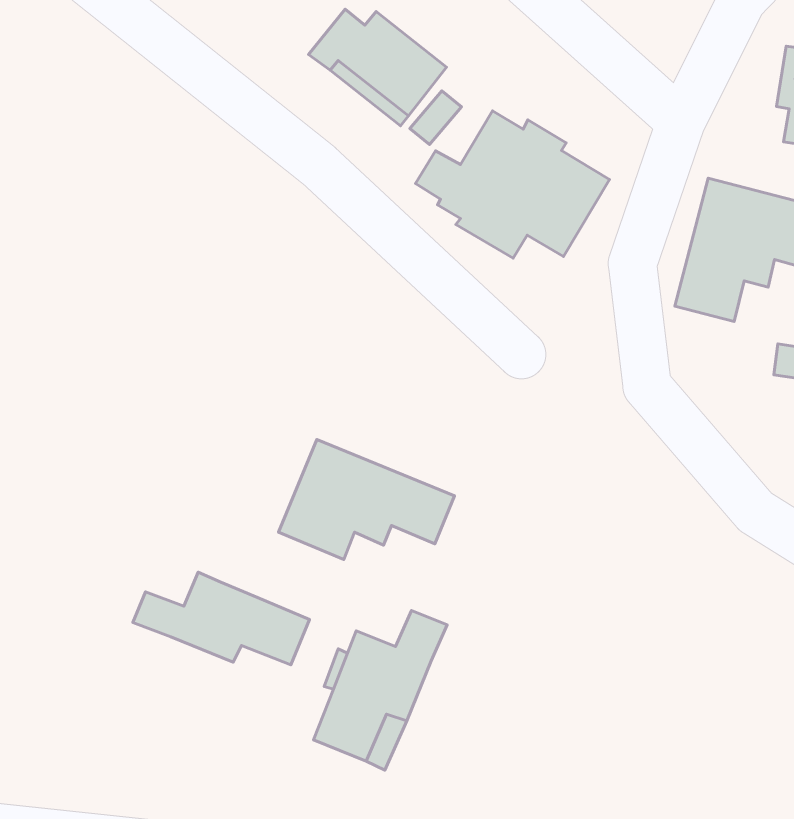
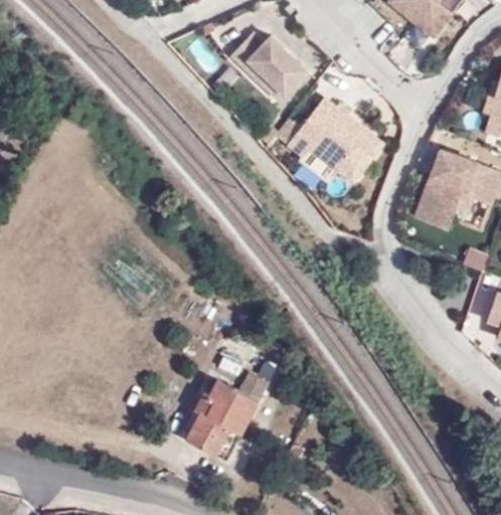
building: [278,440,455,560] -> none
building: [133,572,310,665] -> none

